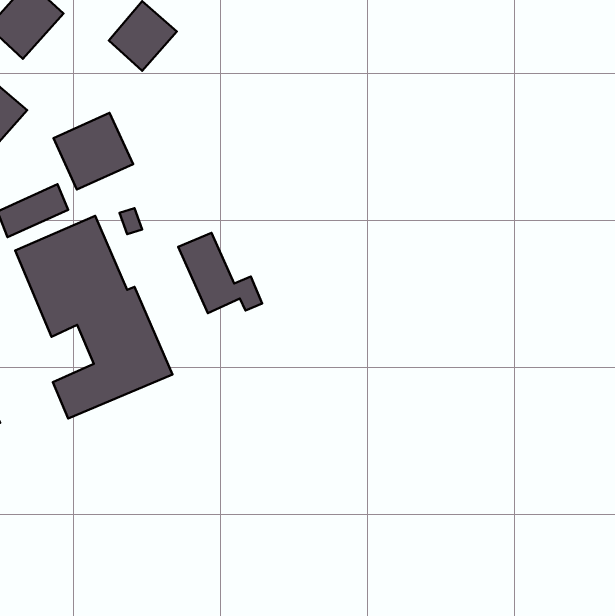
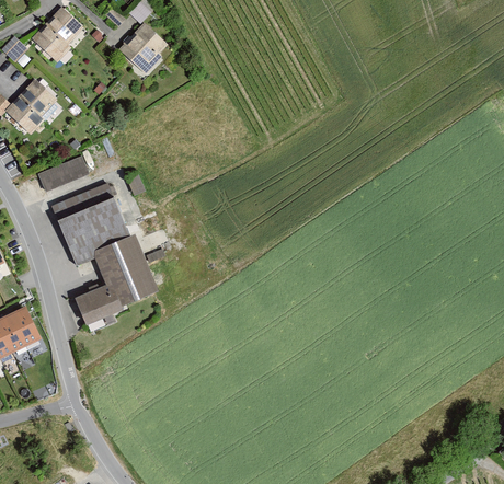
building: [53,113,133,190] -> none
building: [178,233,262,313] -> none

